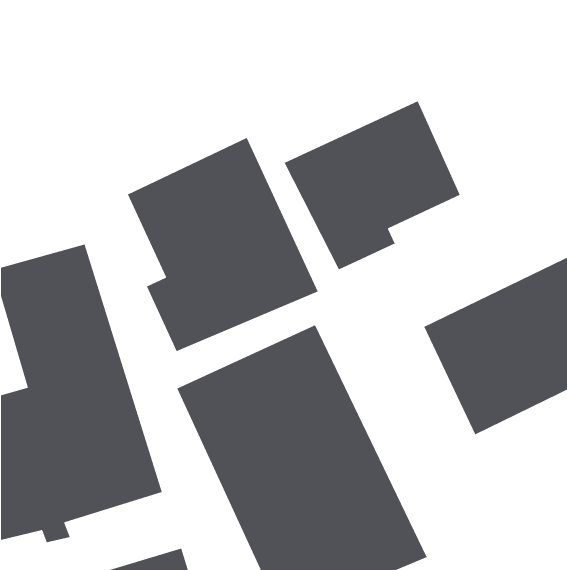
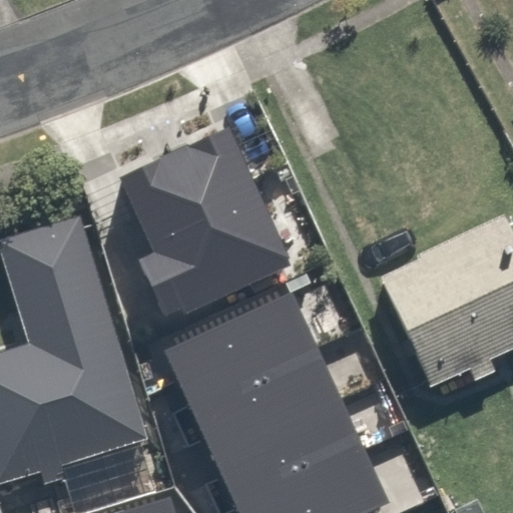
building: [284,100,461,271] -> none

